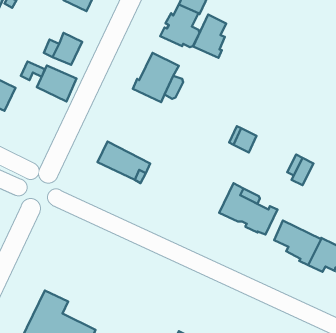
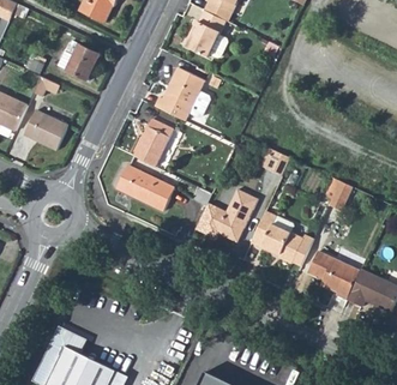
building: [193,14,226,58] -> none
building: [37,65,76,102] -> [24,109,67,149]
building: none -> [133,118,173,164]
building: none -> [194,188,257,240]

